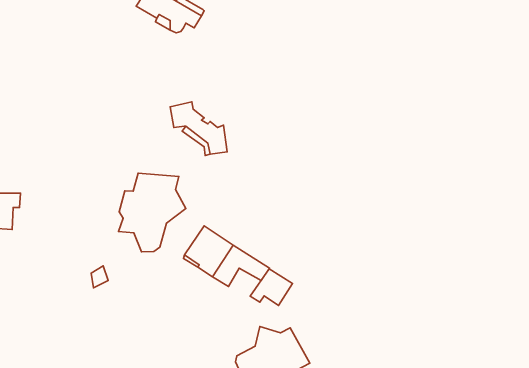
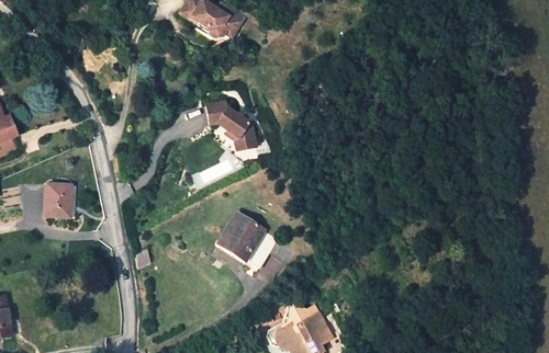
building: [119,173,186,252] -> none
building: [250,269,293,305] -> none

